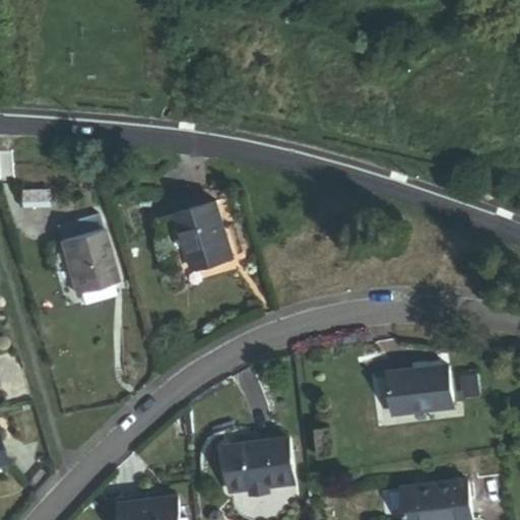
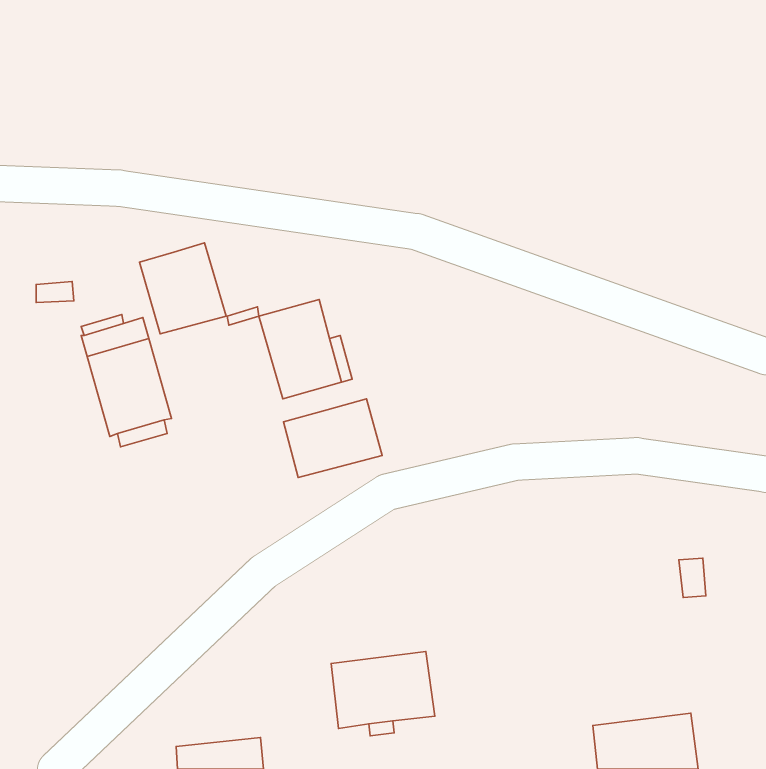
building: none -> [140,243,226,334]
building: none -> [283,399,382,477]
building: [386,368,450,415] -> none

